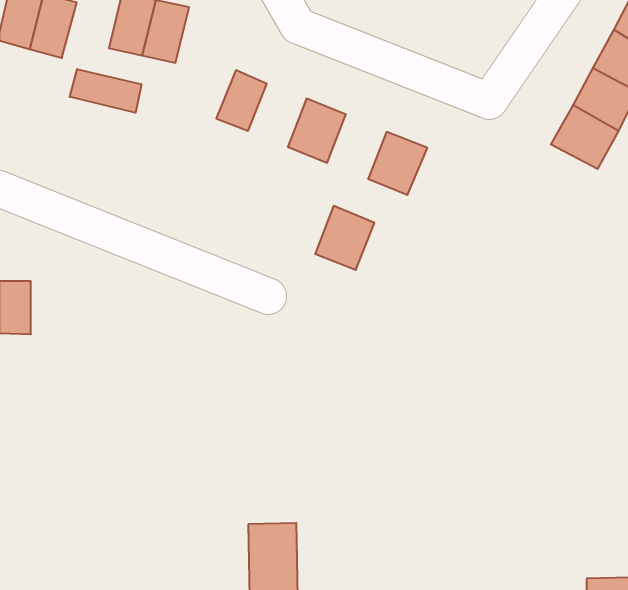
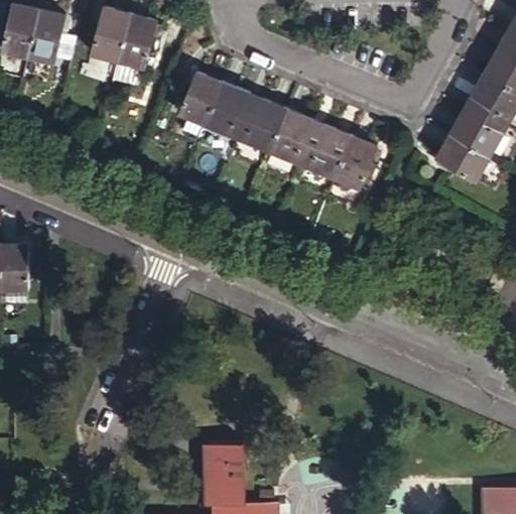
building: [70,69,142,113] -> none
building: none -> [204,85,251,136]
building: none -> [437,134,489,179]
building: none -> [334,137,376,185]
building: [315,206,374,270] -> [268,110,316,162]

